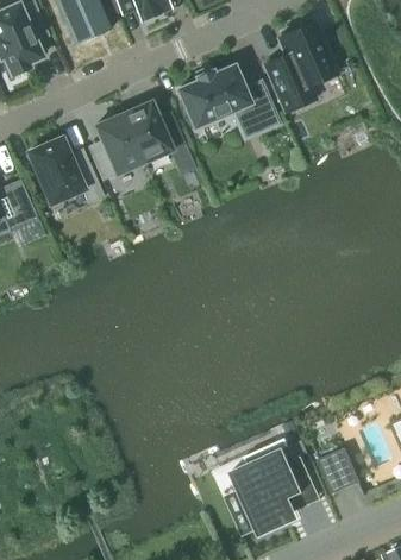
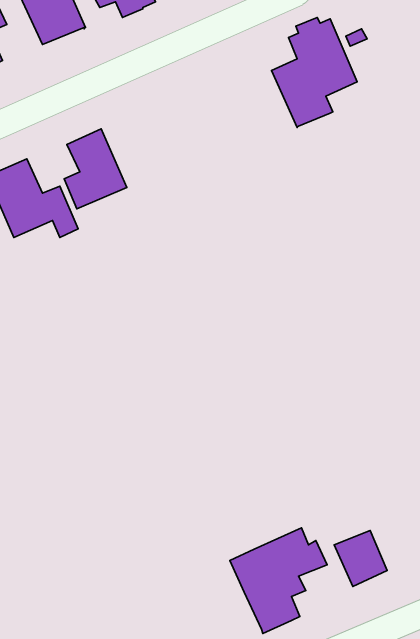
building: [178,65,281,132] -> none
building: [124,101,186,162] -> none

